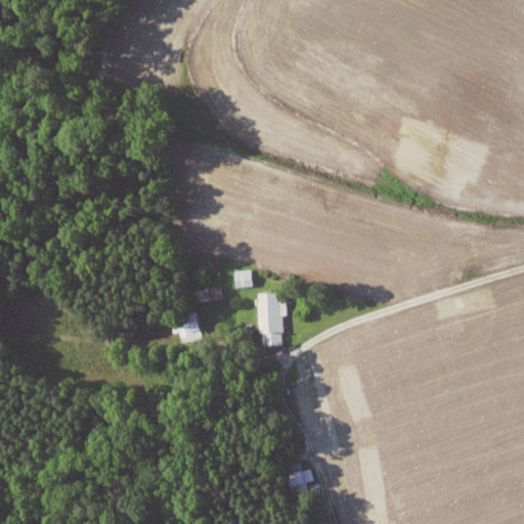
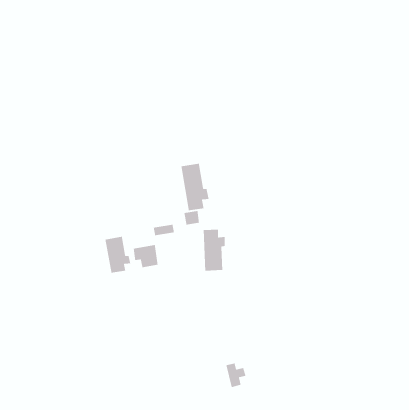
building: none -> [181,163,210,211]
building: none -> [105,236,131,274]

